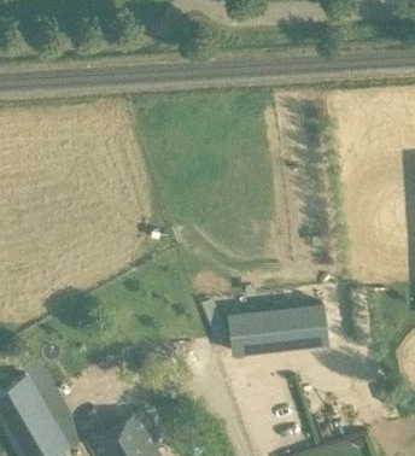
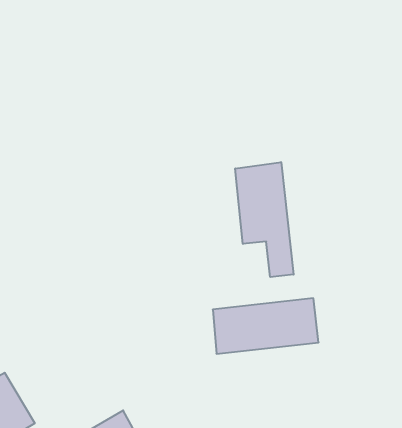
building: none -> [235,162,294,277]

